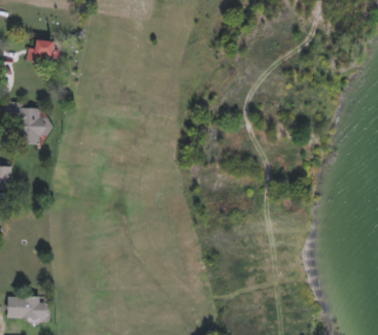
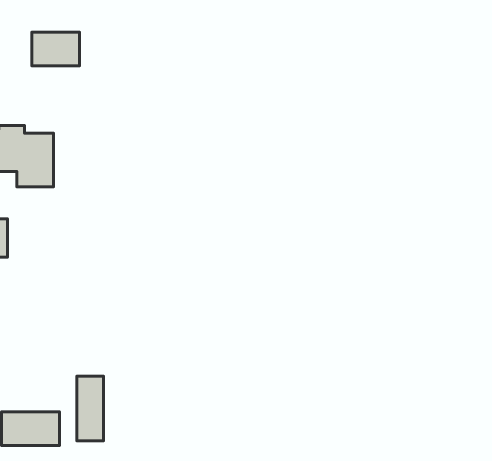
building: none -> [77,376,104,441]

